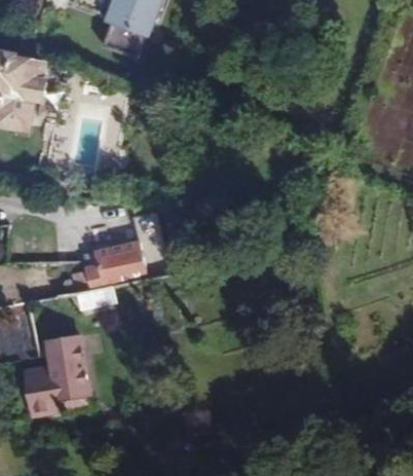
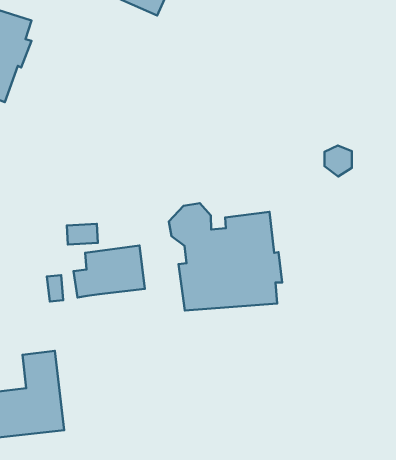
building: none -> [169,203,282,310]

